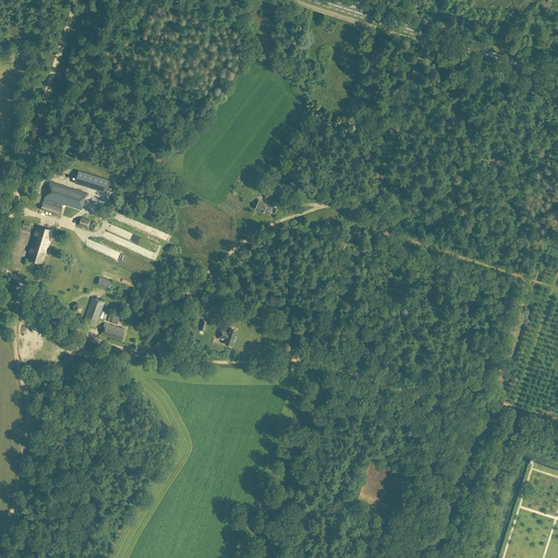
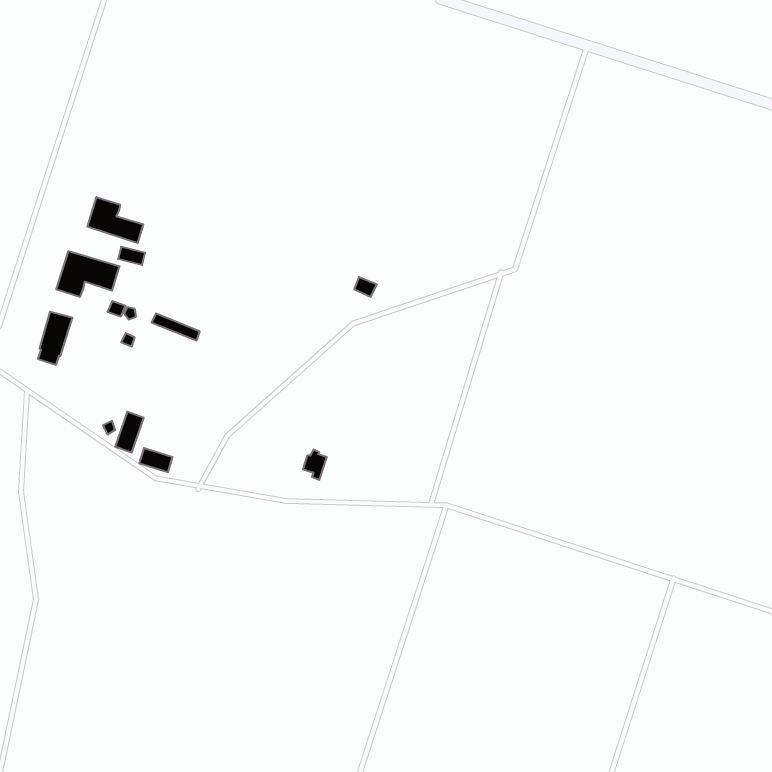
building: none -> [87,197,143,243]

